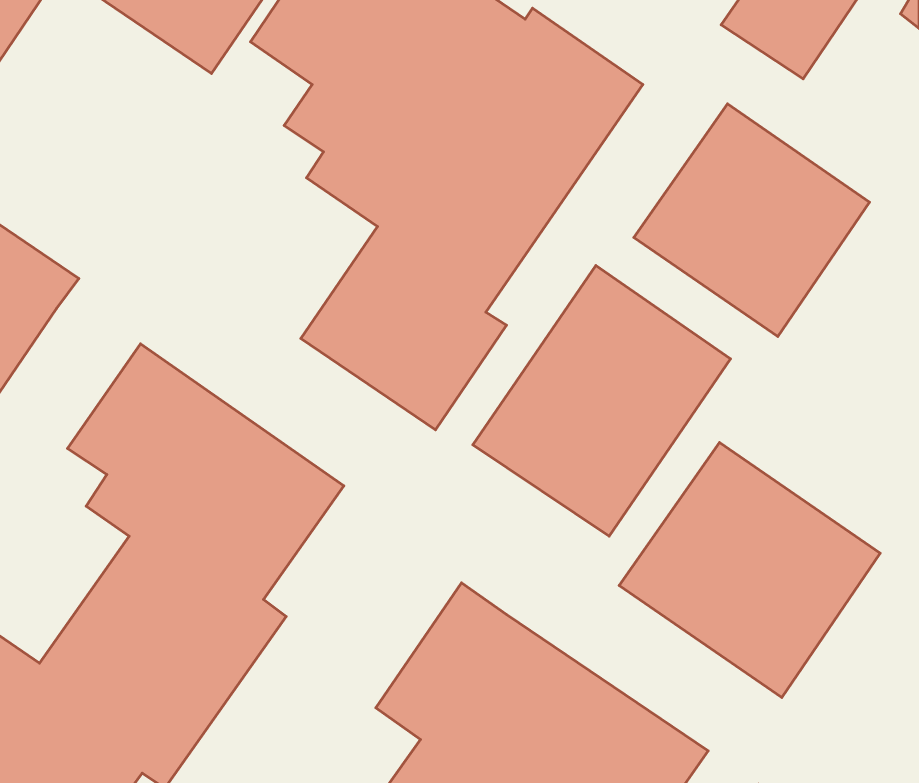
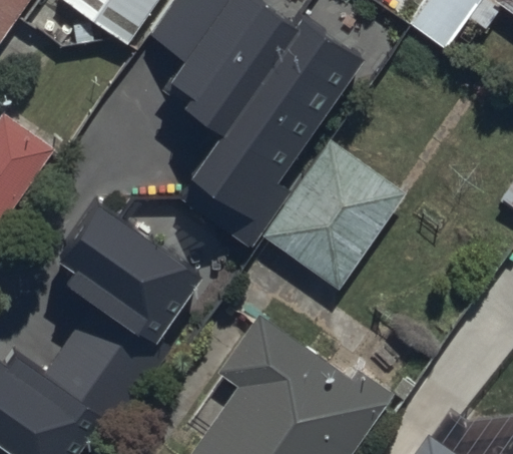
building: [634,104,870,336] -> none
building: [619,442,880,697] -> none

